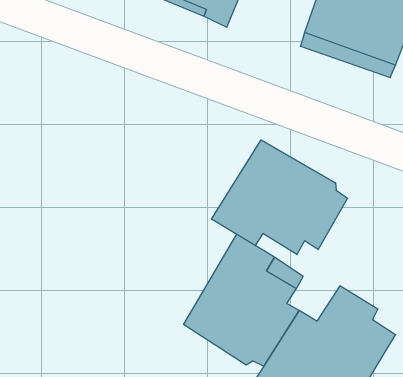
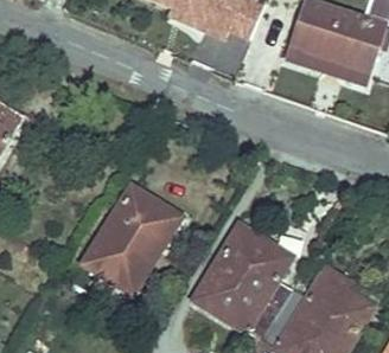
building: [212,140,347,255] -> none
building: none -> [87,168,185,277]

